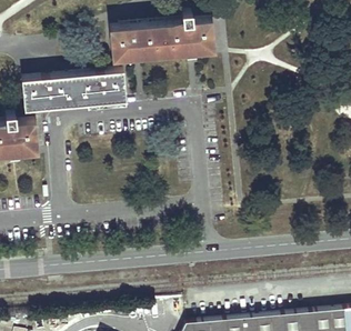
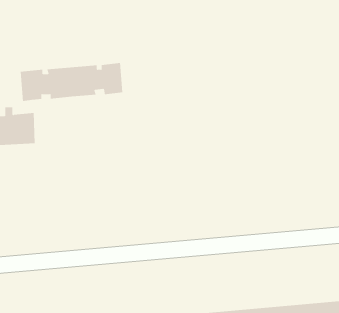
building: [110,13,213,58] -> none

